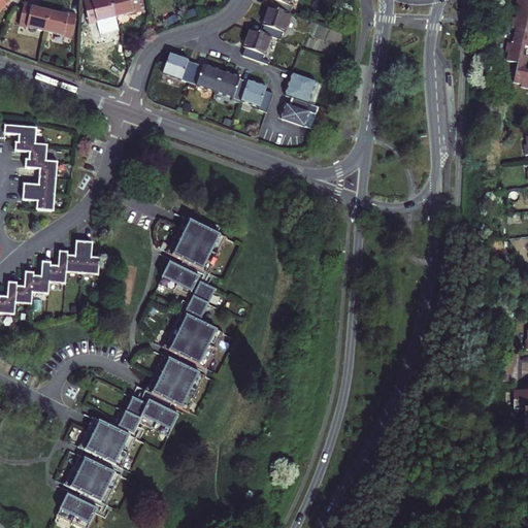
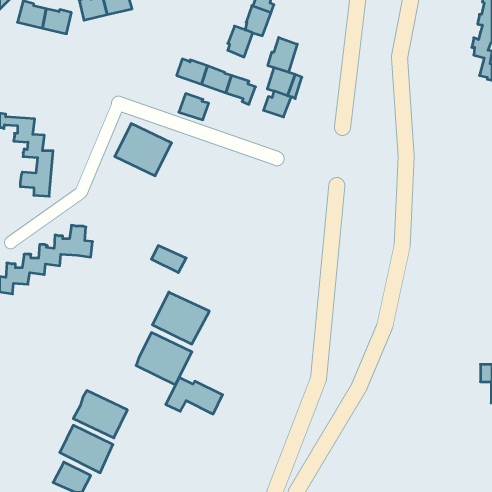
building: none -> [268,37,297,72]
building: [163,53,195,80] -> [179,94,209,120]
building: [166,217,227,272] -> [115,124,172,176]
building: [186,282,216,318] -> none
building: [118,396,178,435] -> [166,377,223,414]

